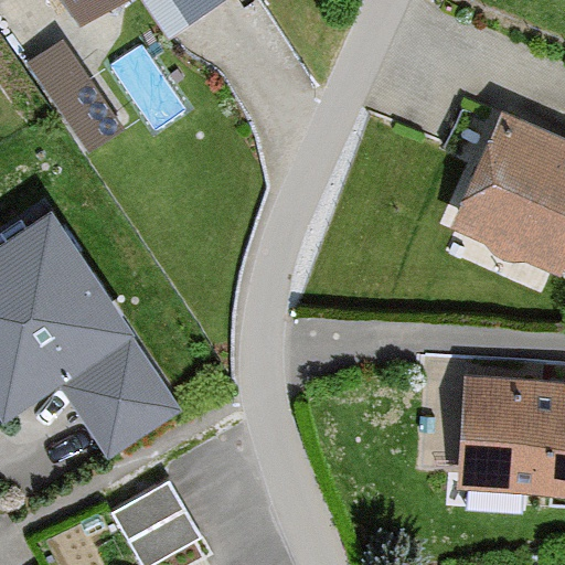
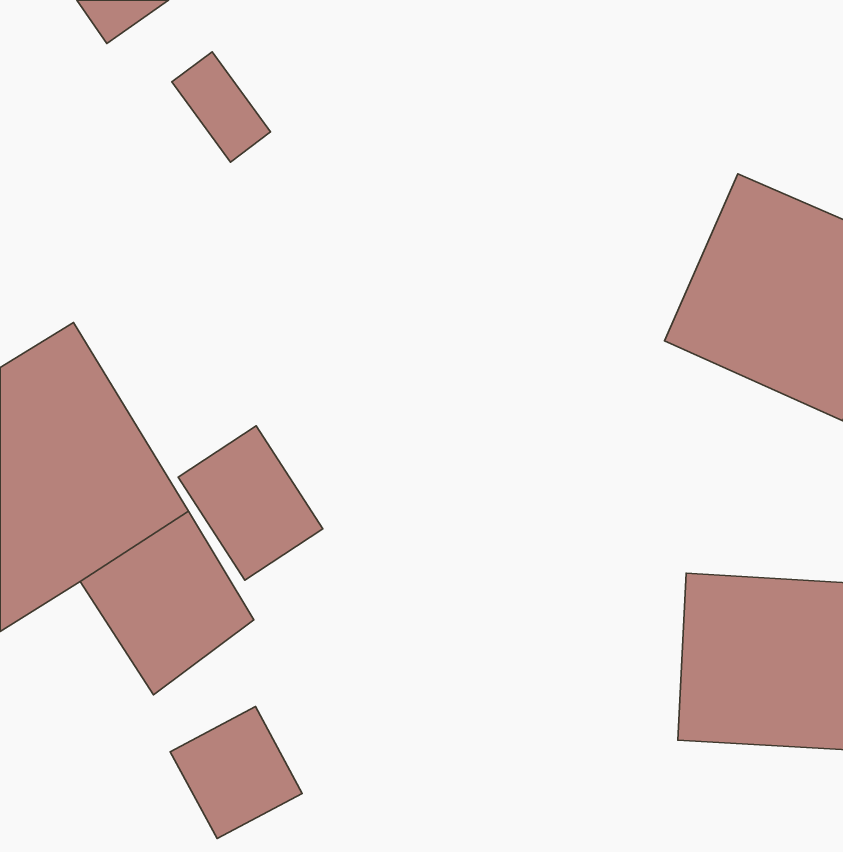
building: [33,40,129,152] -> none
building: none -> [178,426,323,580]

